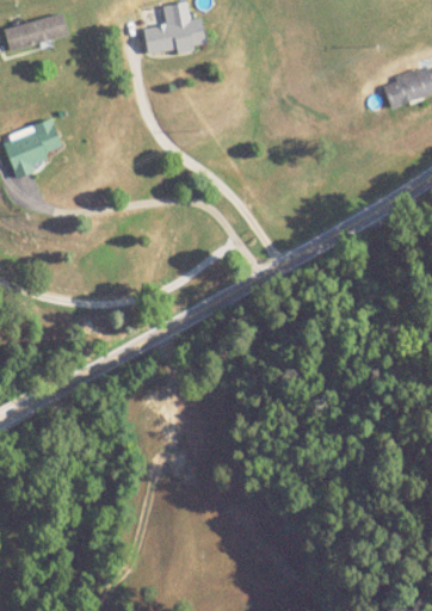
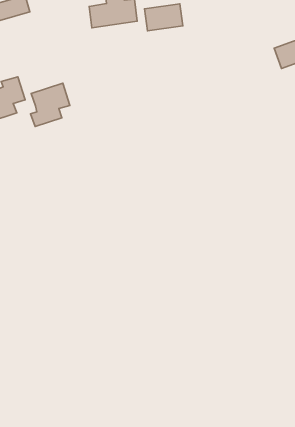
building: none -> [145,4,183,31]
building: none -> [30,83,70,126]

